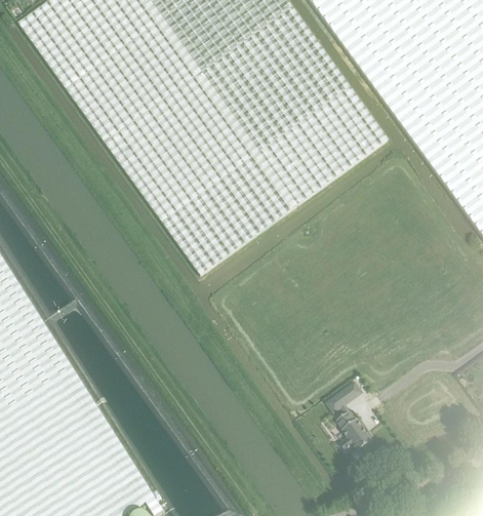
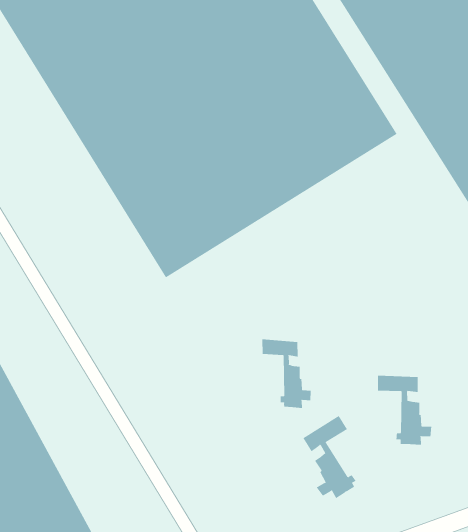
building: none -> [262,339,311,409]
building: none -> [377,375,432,445]

